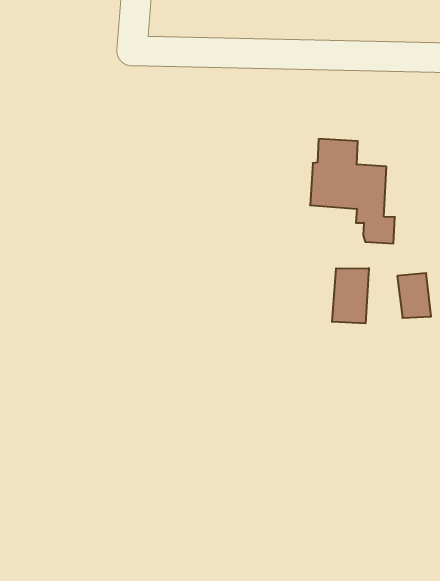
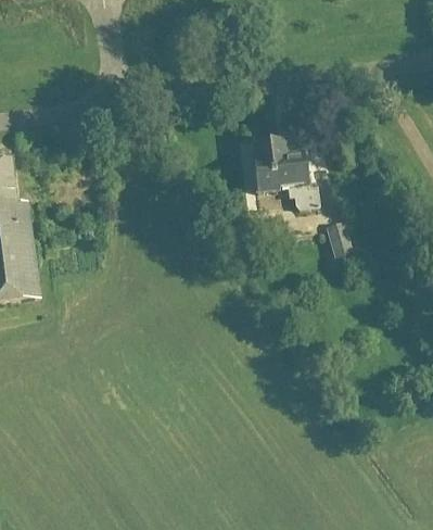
building: [332,268,369,323] -> none

